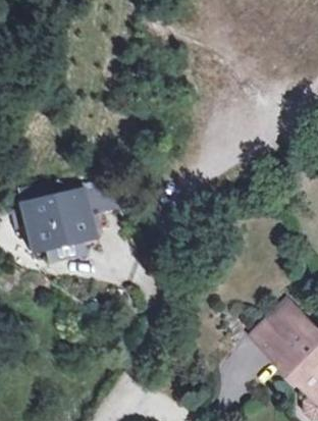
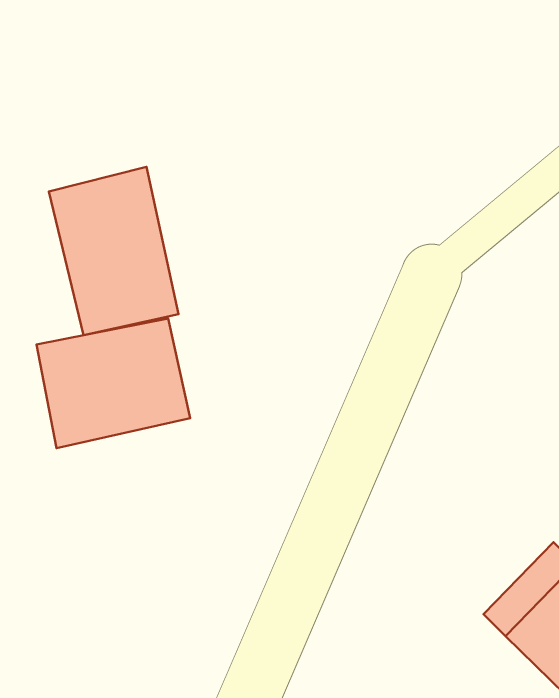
building: none -> [49,167,178,335]

